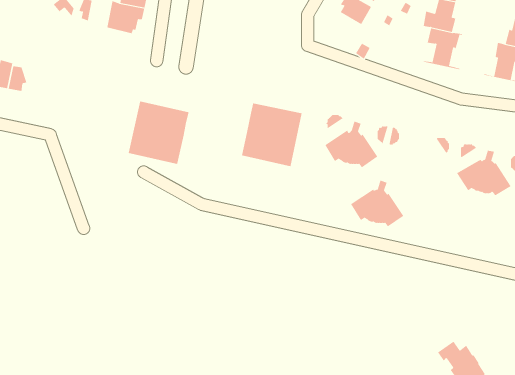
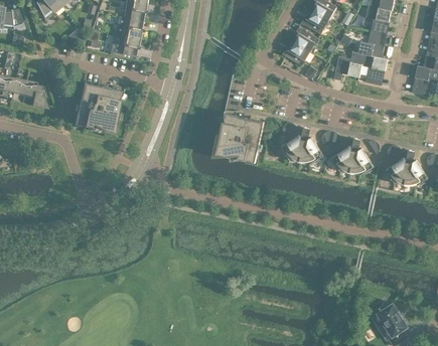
building: none -> [281,41,309,65]
building: none -> [332,49,363,79]
building: [128,101,189,165] -> [74,81,122,132]
building: [350,180,404,227] -> [330,138,373,175]

